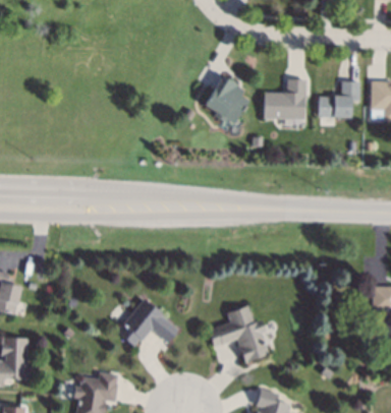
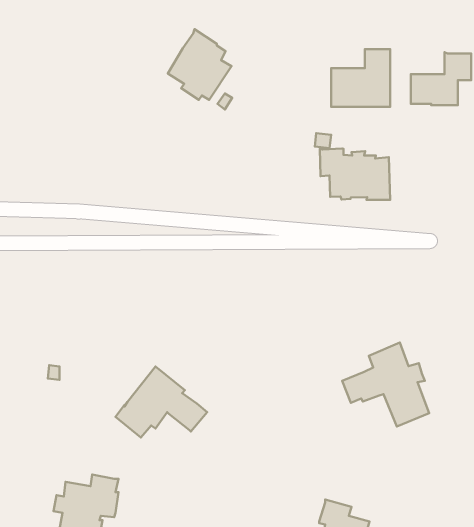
building: [205,74,248,123] -> [168,29,231,100]
building: none -> [320,148,390,200]
building: [208,304,268,362] -> [342,342,429,427]

